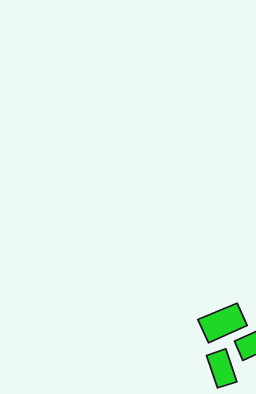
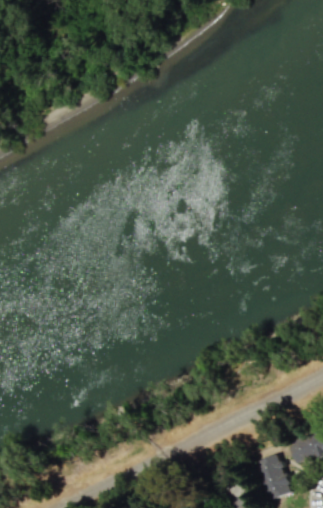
building: [198,303,247,343] -> none

